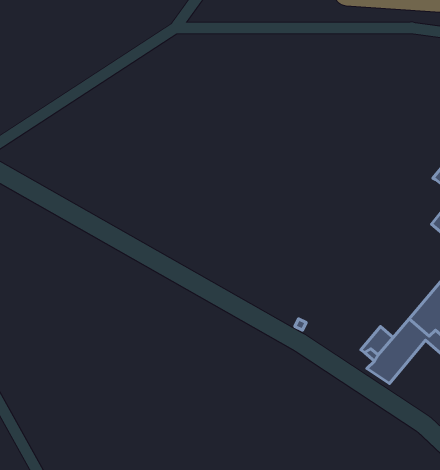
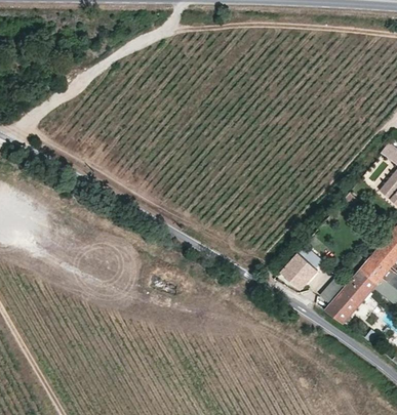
building: none -> [280,253,318,290]

